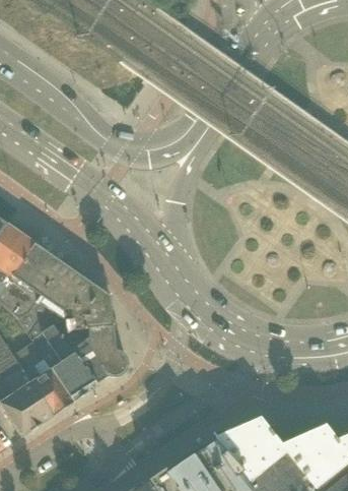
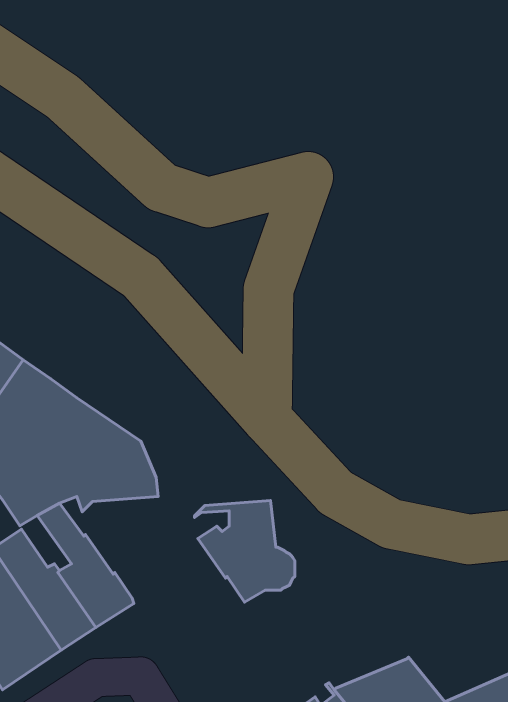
building: [68,322,127,382] -> [194,500,295,602]

